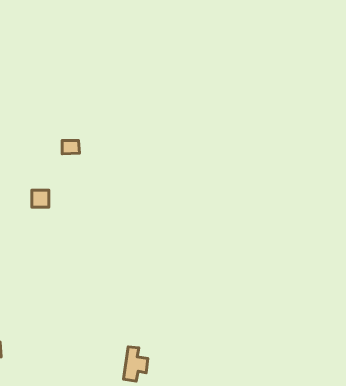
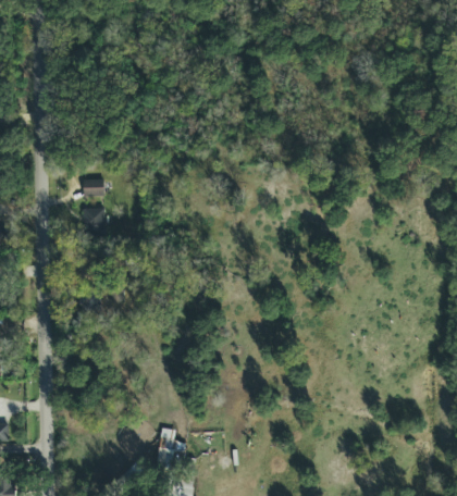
building: [32,190,49,207] -> [83,208,103,228]

